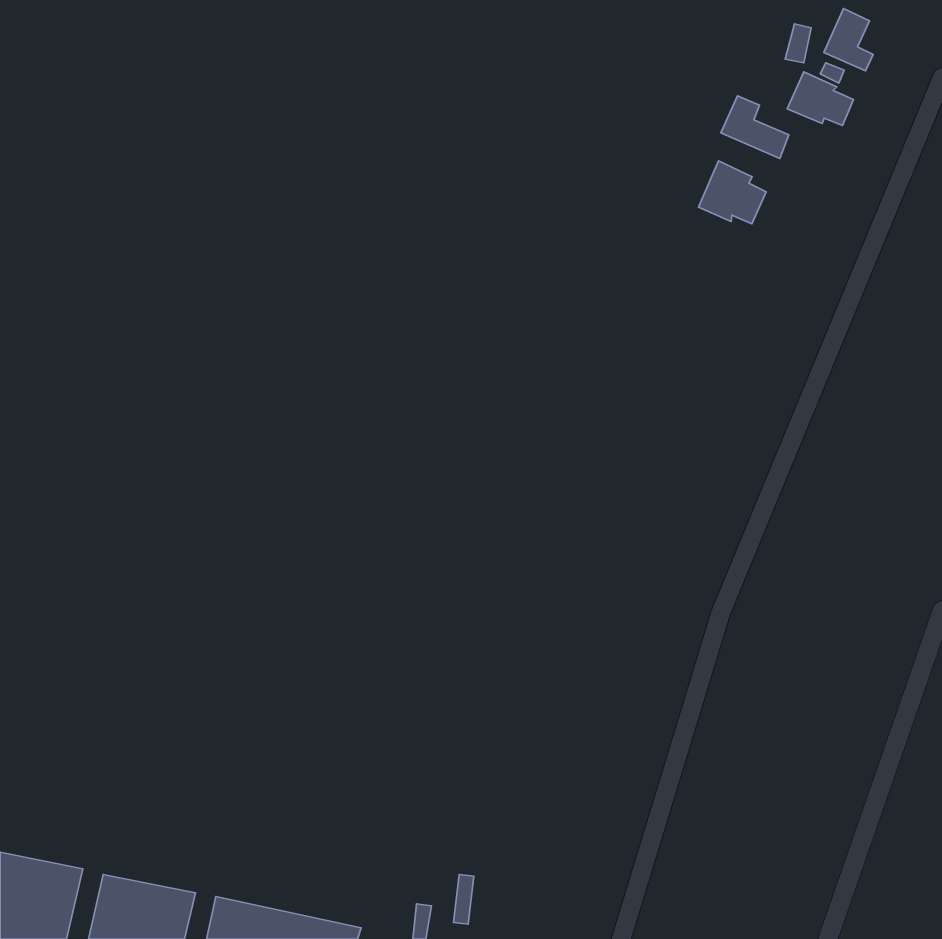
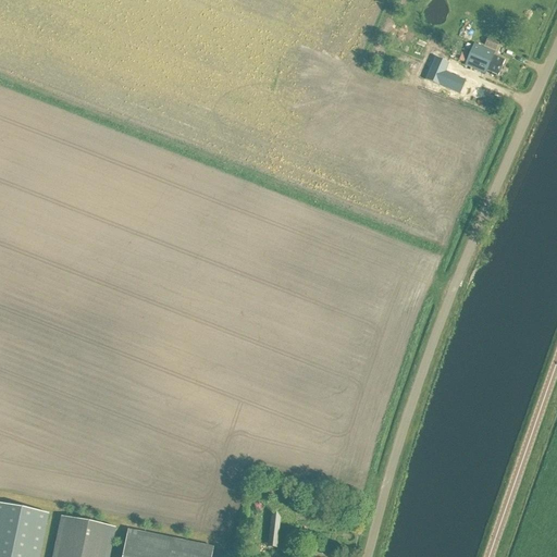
building: [824,8,873,71] -> none
building: [699,161,766,224] -> none

